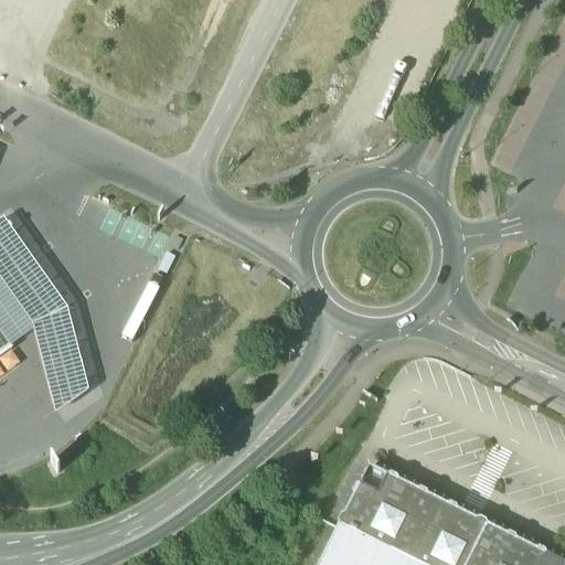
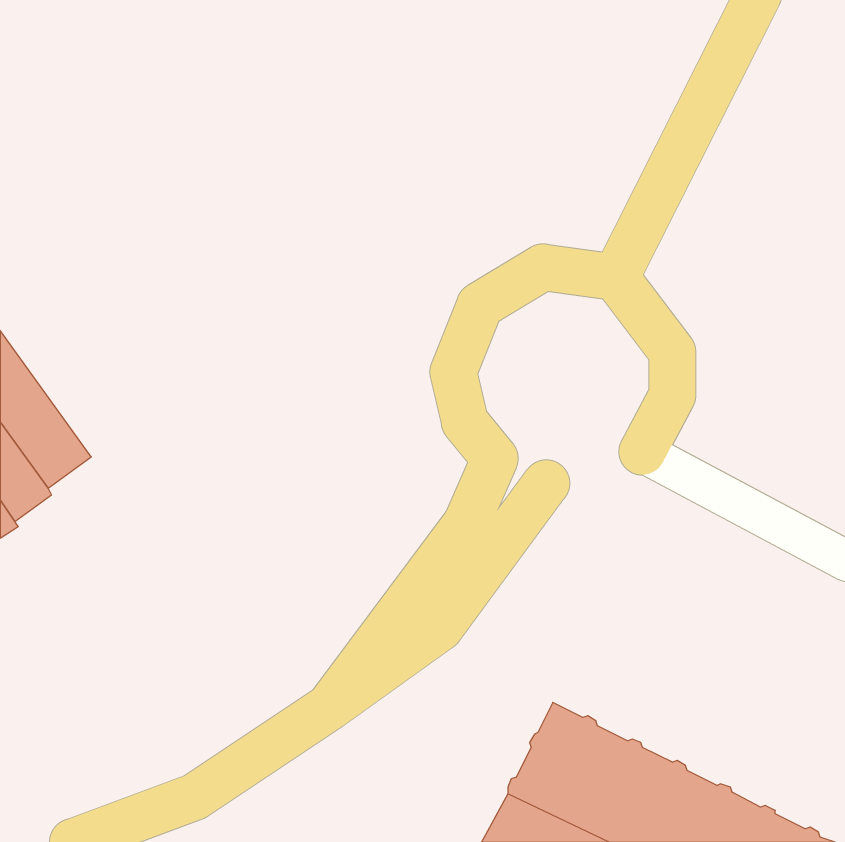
building: [34,303,86,411] -> none

